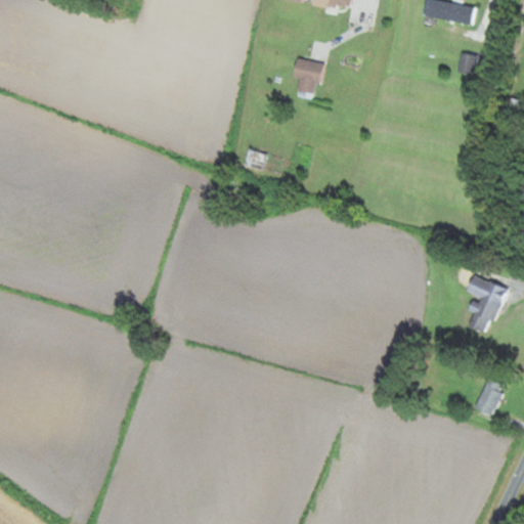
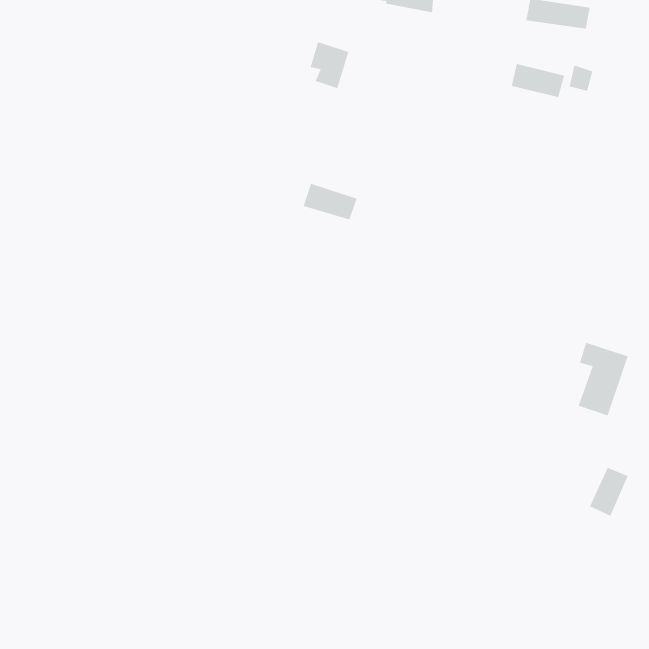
building: none -> [511,63,565,98]
building: [291,56,322,94] -> [310,42,349,89]

